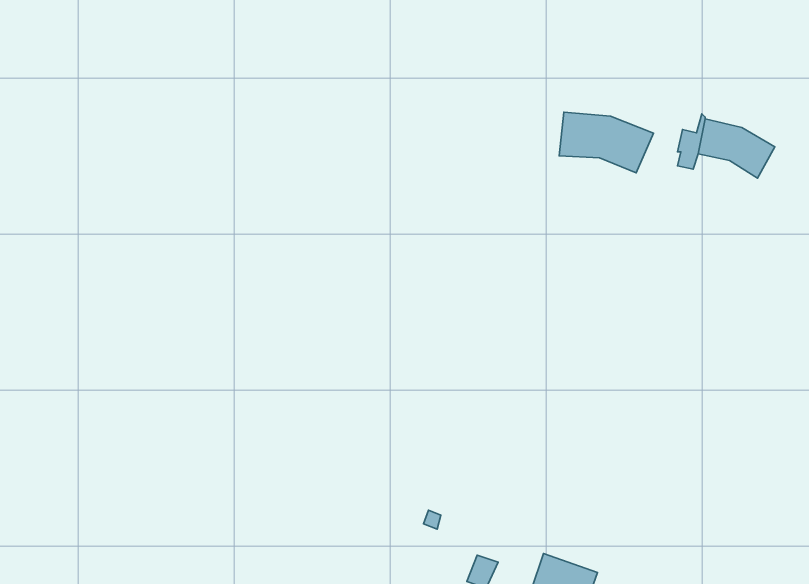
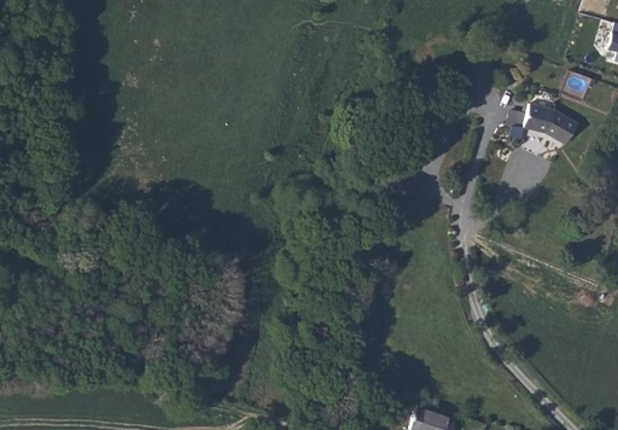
building: [559,112,654,173] -> none

